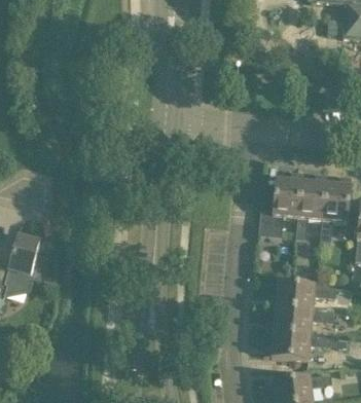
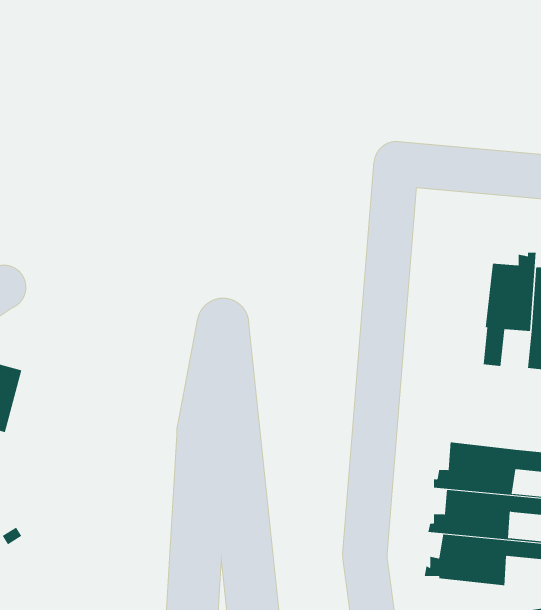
building: [260,173,302,236] -> none

